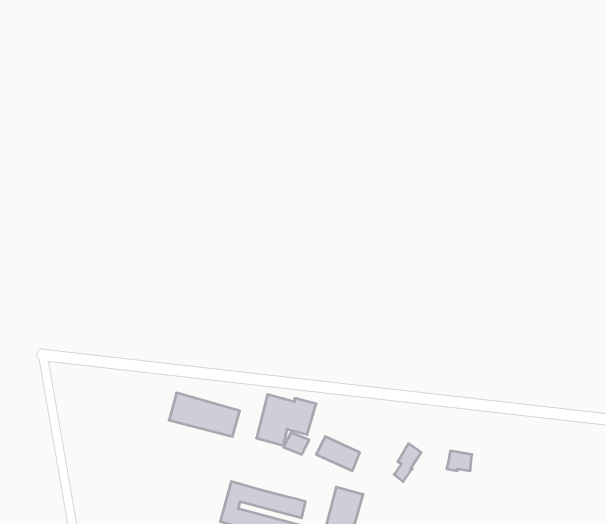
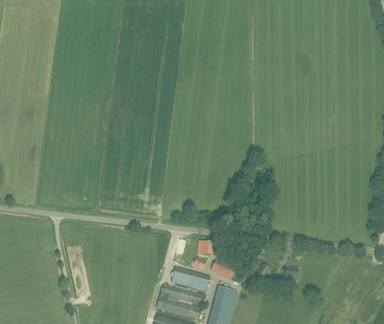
building: [169,393,240,436] -> [170,267,210,292]

